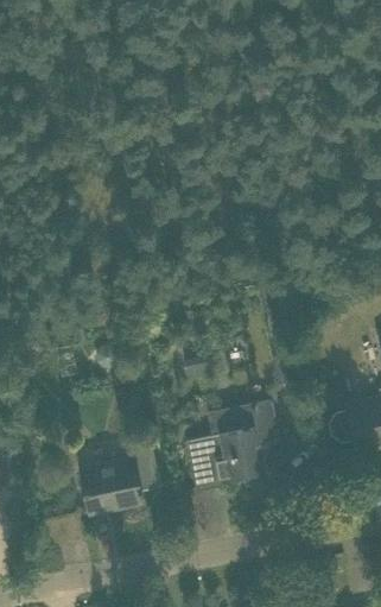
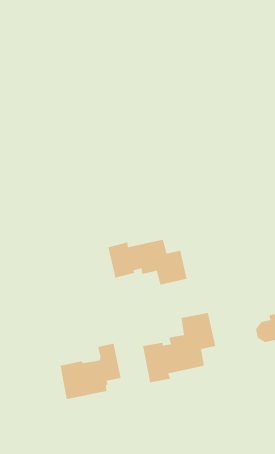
building: none -> [107,239,187,285]

